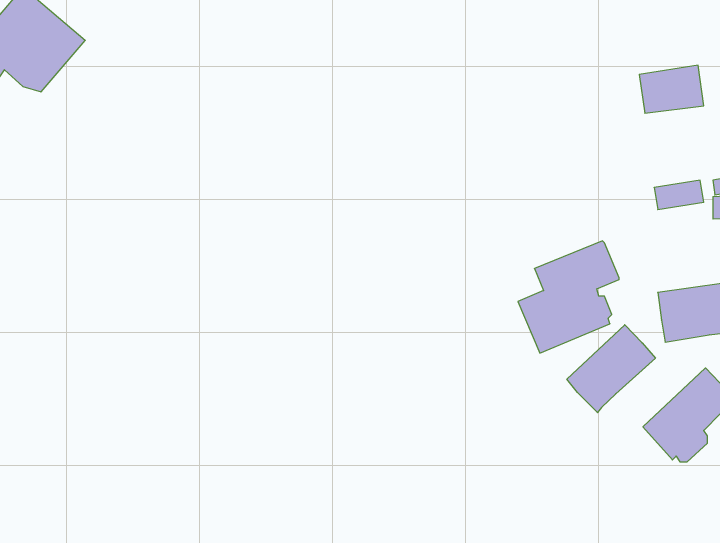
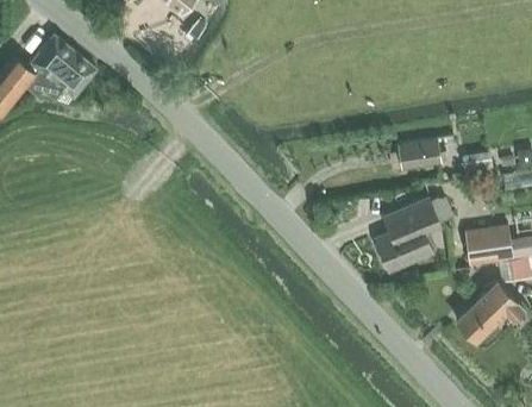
building: [639,65,704,113] -> [400,138,442,169]
building: [567,325,655,413] -> none

